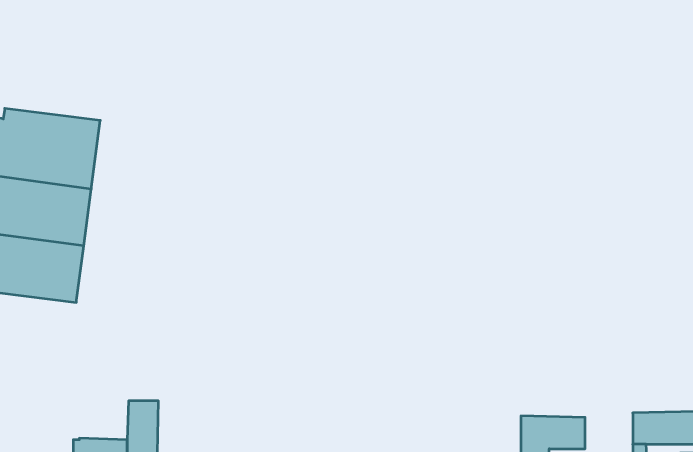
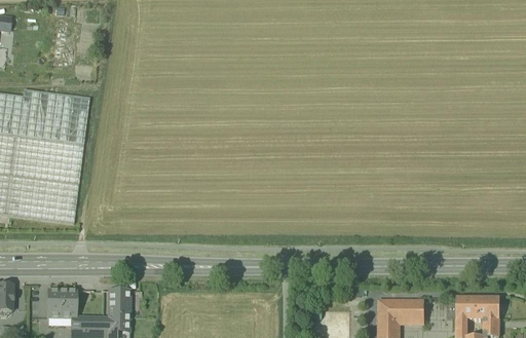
building: none -> [46,289,75,316]

